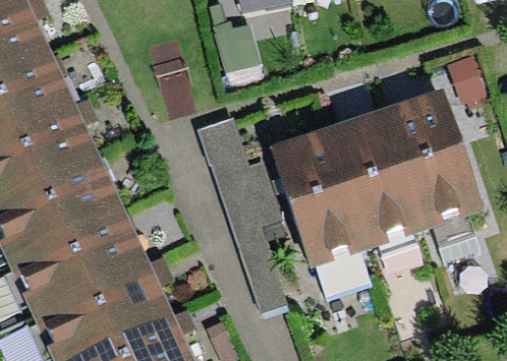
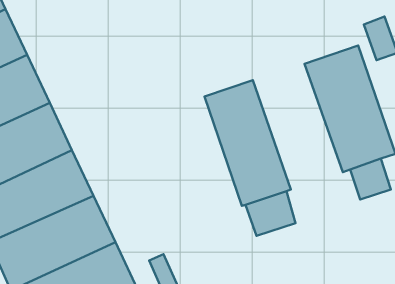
building: [324,109,425,249] -> none
building: [199,118,288,313] -> none

